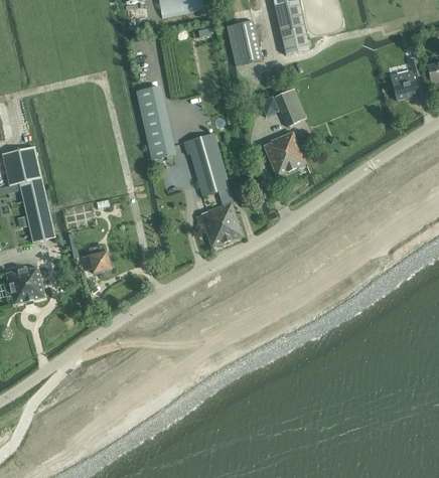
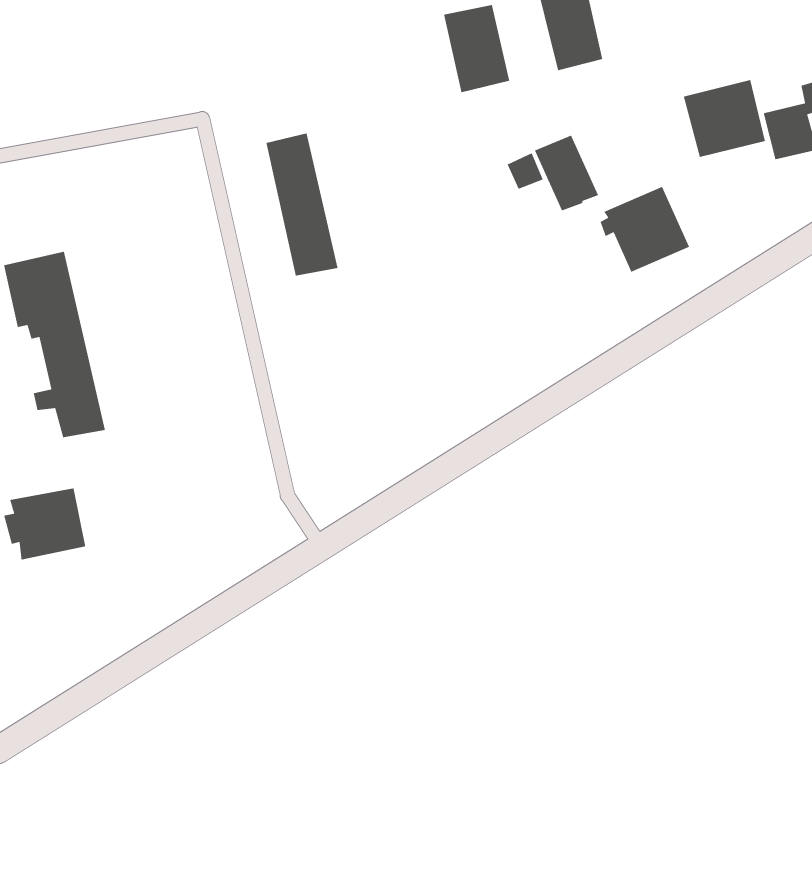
building: none -> [683,79,766,158]
building: [260,132,306,176] -> [599,186,690,273]
building: [185,133,242,247] -> none
building: [83,251,110,273] -> none

